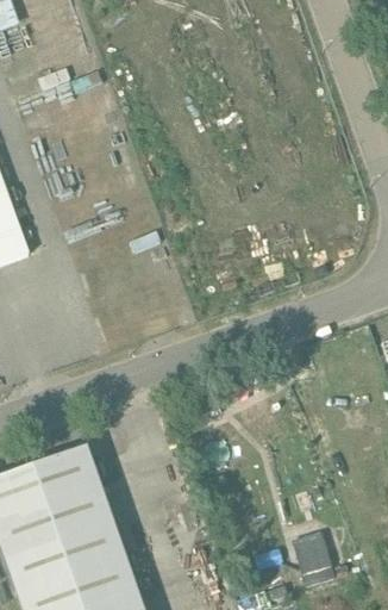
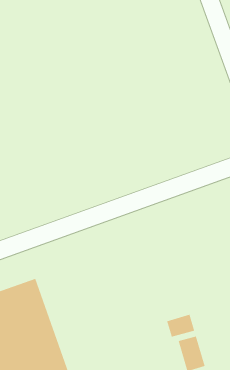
building: none -> [166,314,195,338]

